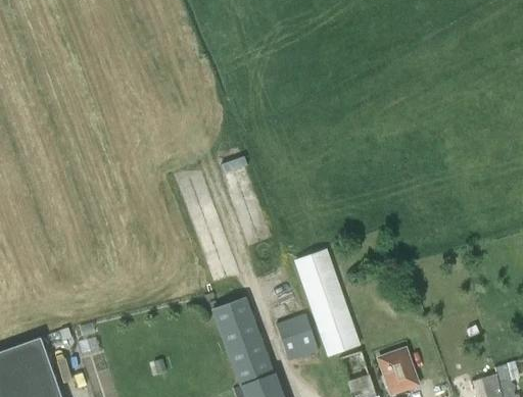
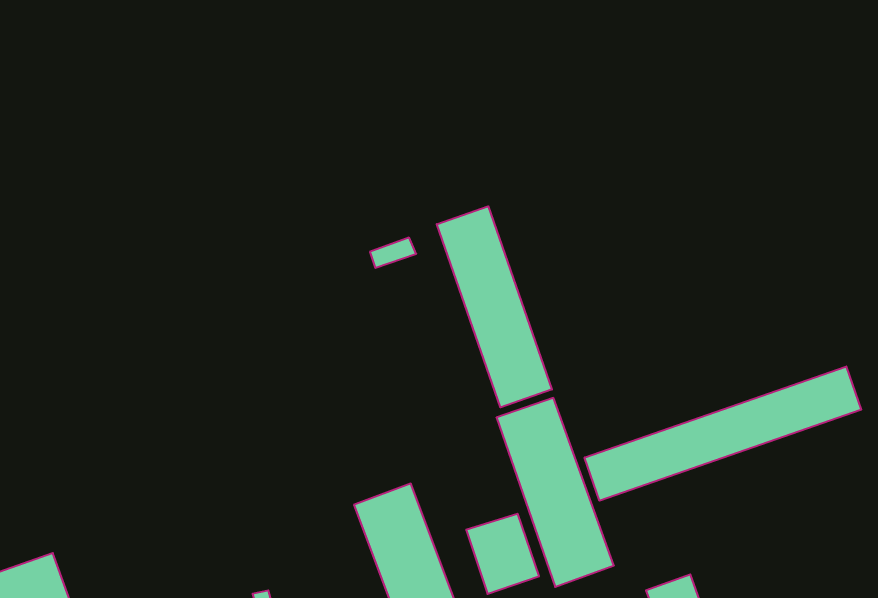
building: none -> [437,206,552,407]
building: none -> [585,366,861,501]

